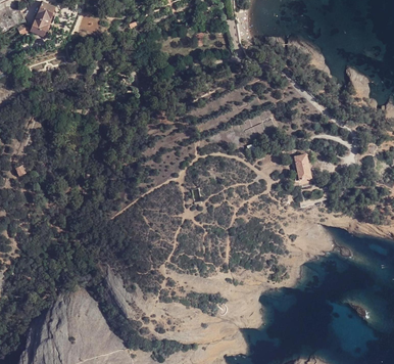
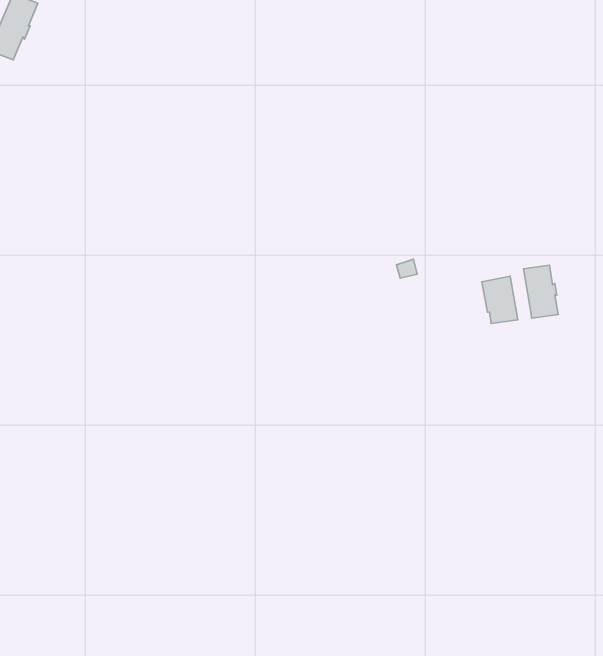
building: none -> [523,265,558,318]

